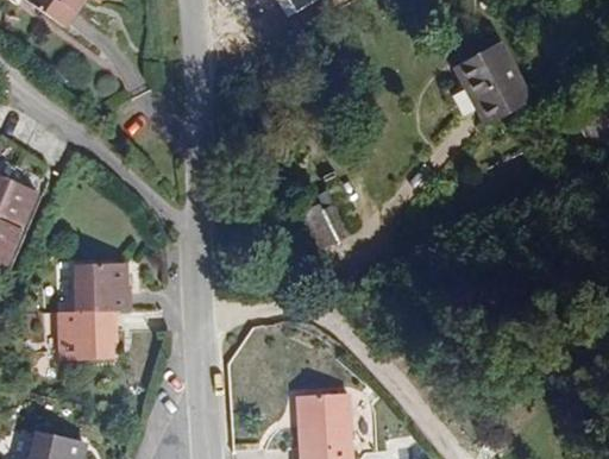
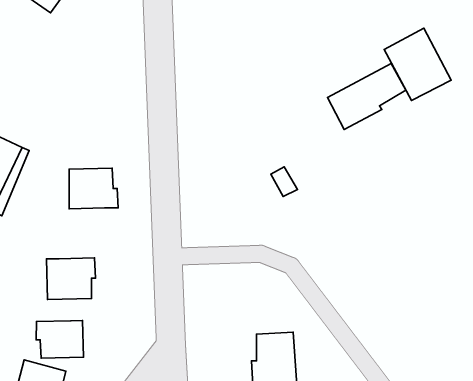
building: none -> [327,64,406,130]
building: [74,263,131,310] -> [69,168,118,209]
building: none -> [36,320,83,358]

